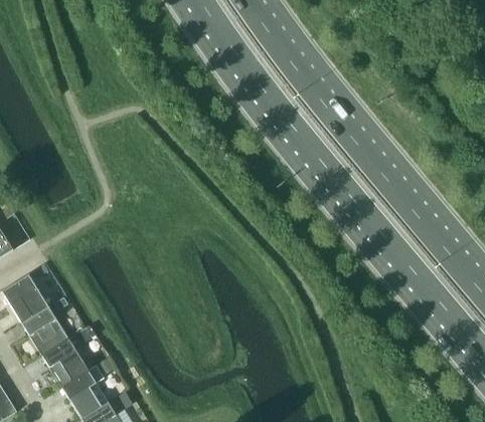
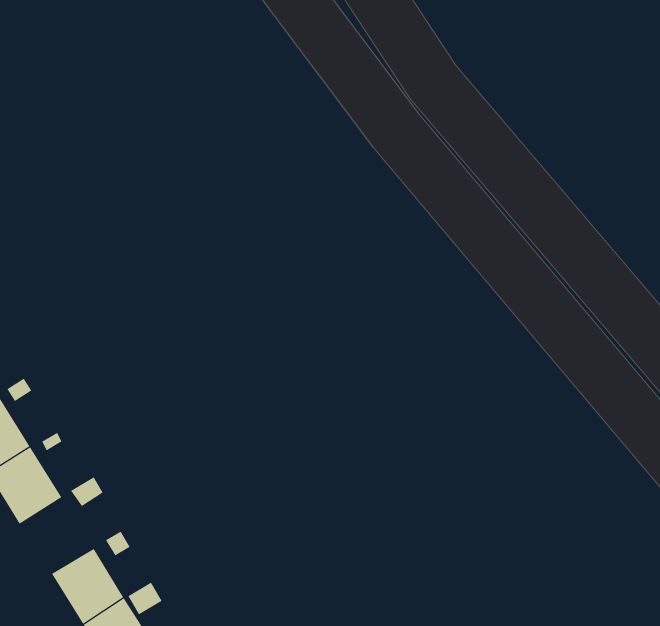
building: [42,339,90,387] -> none

